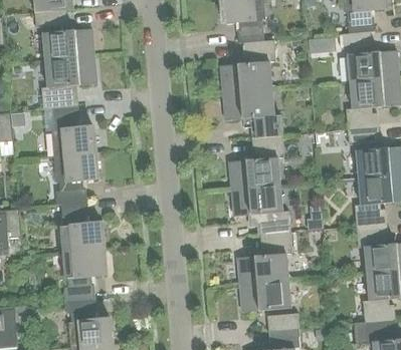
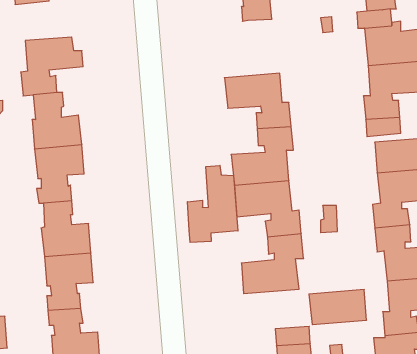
building: [43,28,93,59] -> none
building: [220,39,275,92] -> none
building: none -> [187,165,238,242]
building: [239,280,290,311] -> [309,290,367,325]

